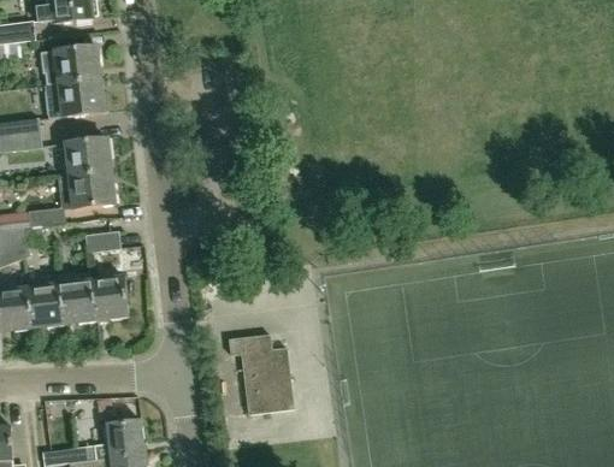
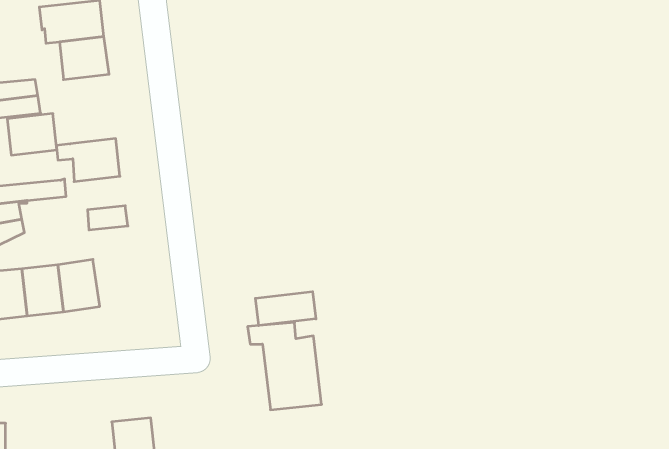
building: [65,137,110,175] -> [7,114,57,155]
building: [89,274,128,320] -> none
building: none -> [255,292,316,326]

